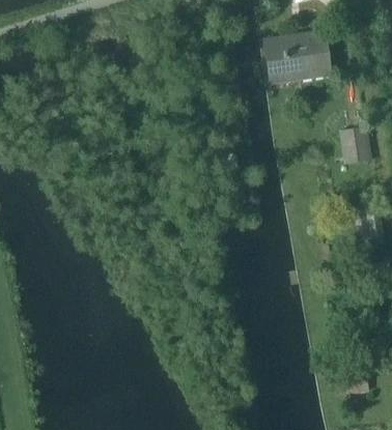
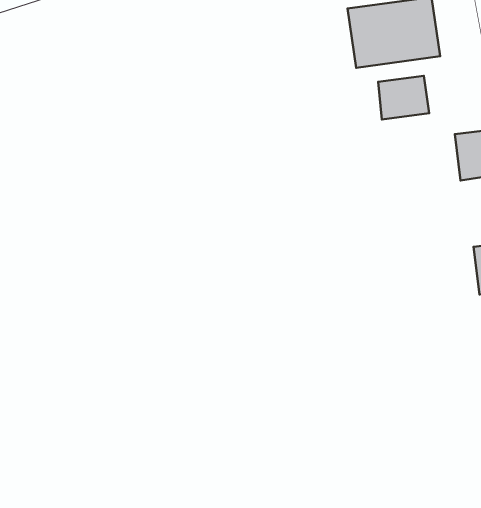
building: none -> [378,76,429,120]

